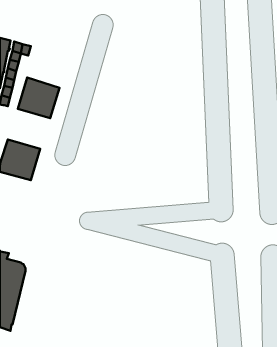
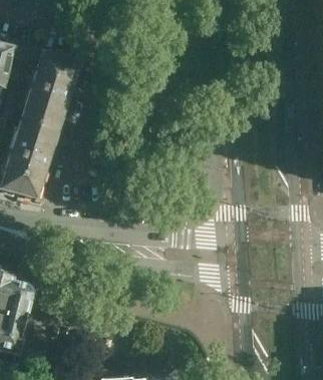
building: none -> [30,51,76,95]
building: none -> [9,118,55,161]

